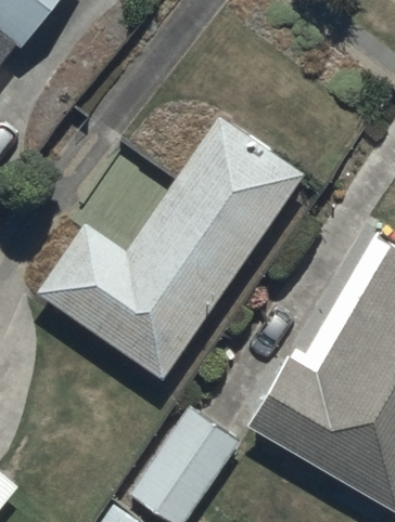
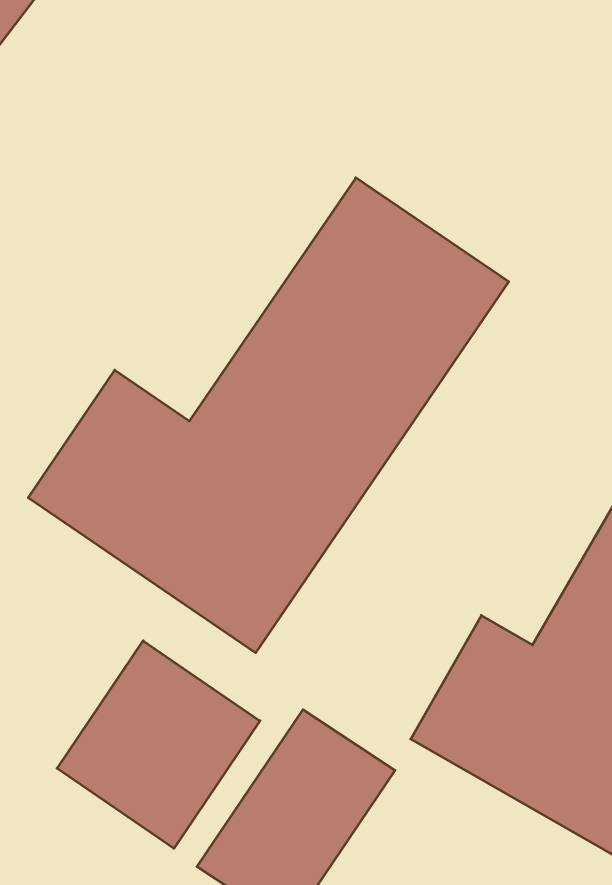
building: none -> [57,641,260,848]

